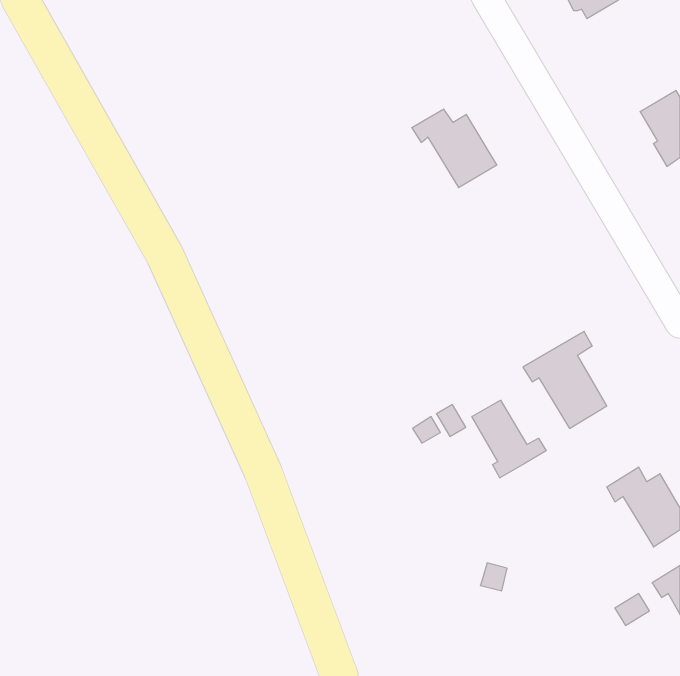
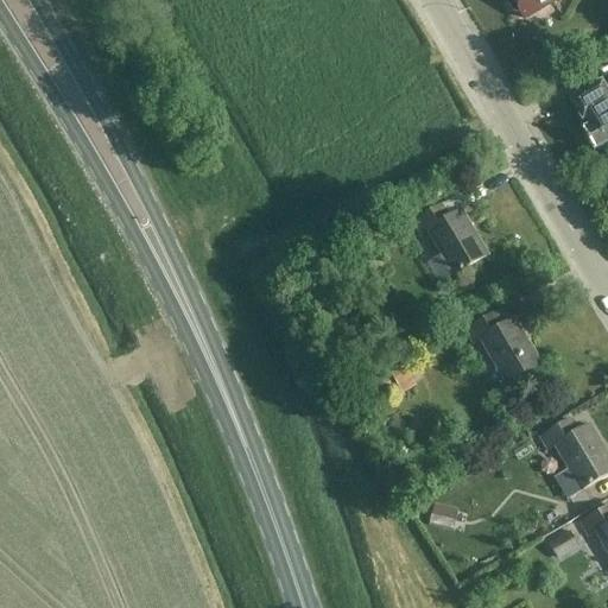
building: [412,109,497,188] -> [413,203,489,273]
building: [472,400,546,478] -> none

